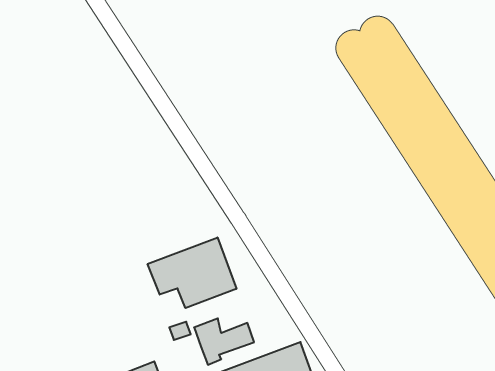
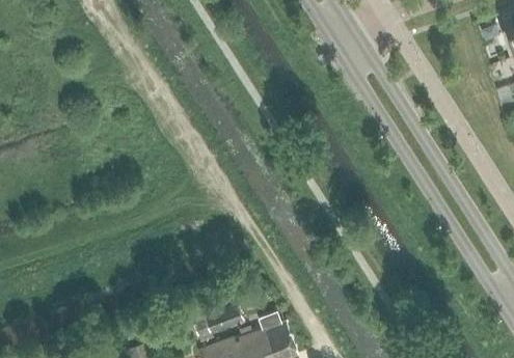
building: [148,237,236,308] -> none

